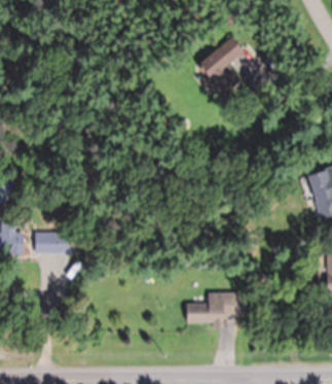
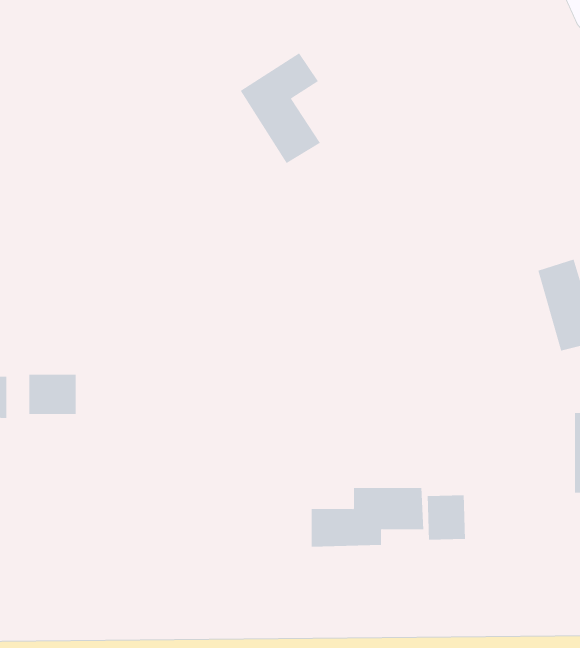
building: [201,38,245,98] -> [240,52,321,164]
building: none -> [427,494,466,540]

